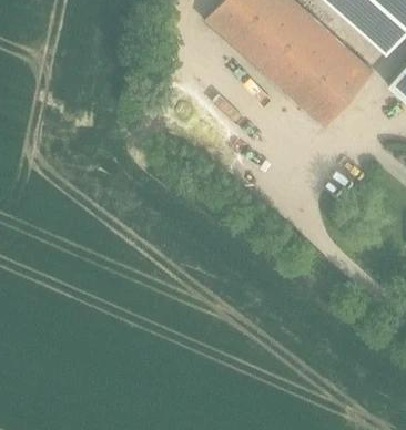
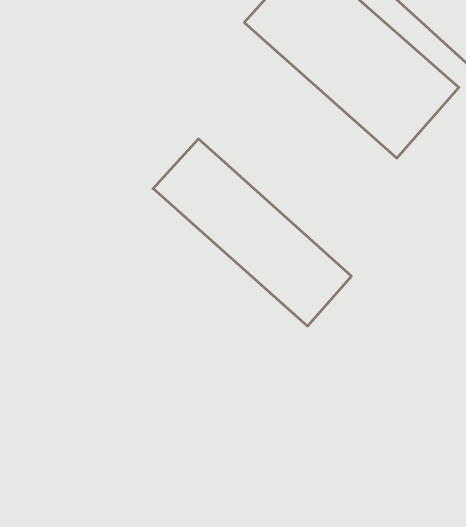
building: none -> [153,139,351,326]

